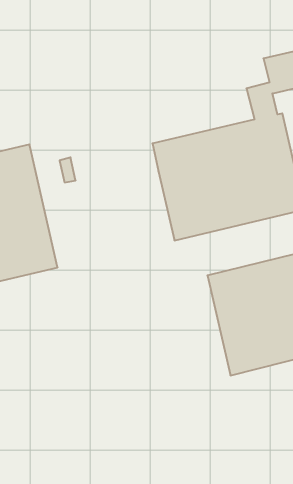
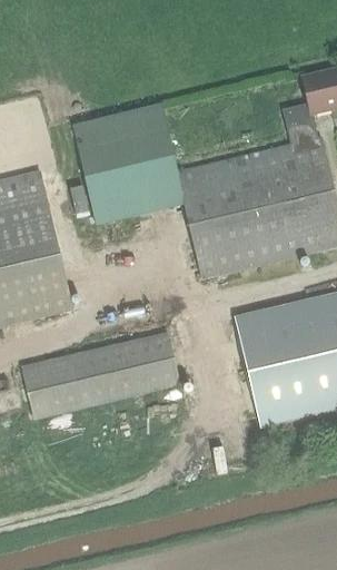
building: none -> [76,102,184,220]
building: none -> [21,332,178,417]

